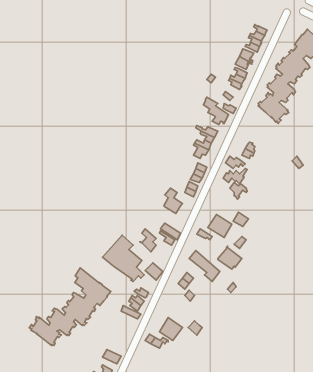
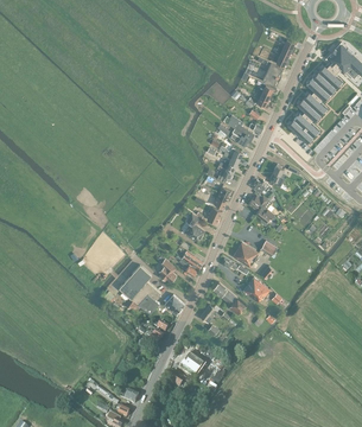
building: [29,268,111,346] -> none

